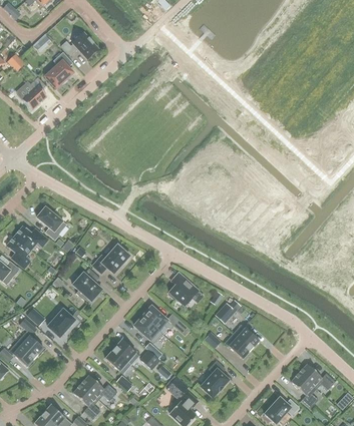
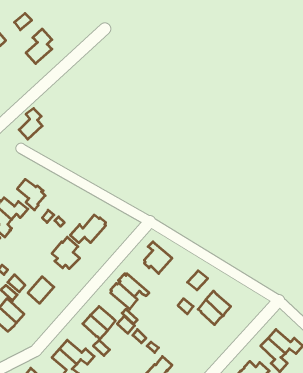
building: [60,32,98,59] -> none
building: [22,77,46,109] -> [19,108,42,139]
building: [200,360,228,397] -> none

